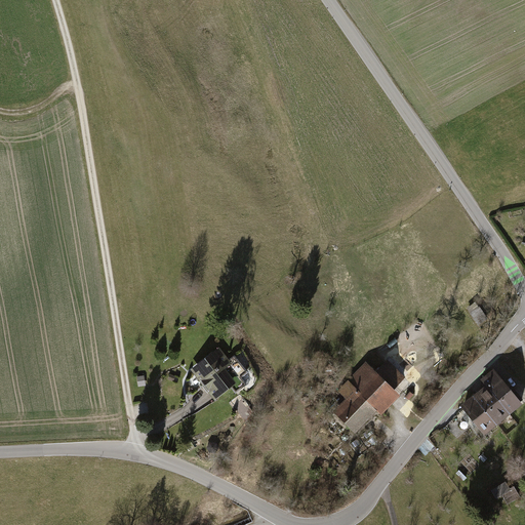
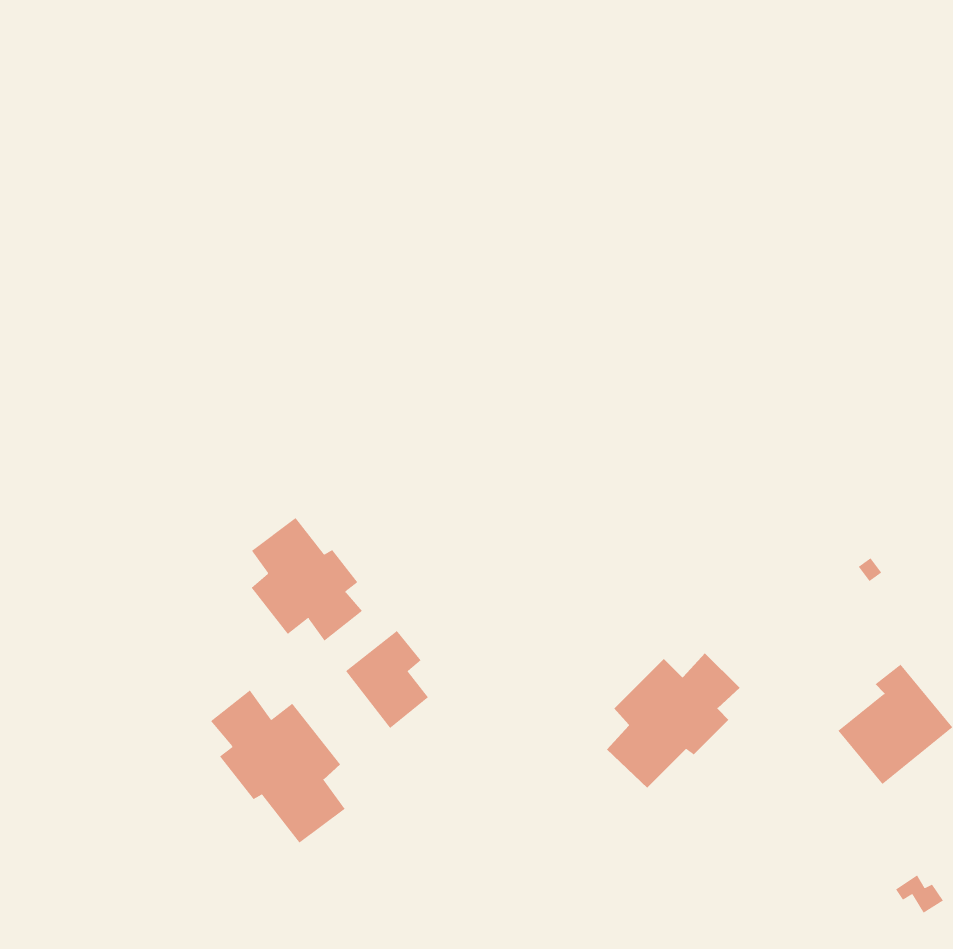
building: none -> [251,517,363,641]
building: none -> [210,690,346,843]

